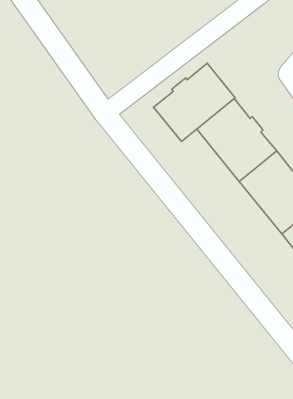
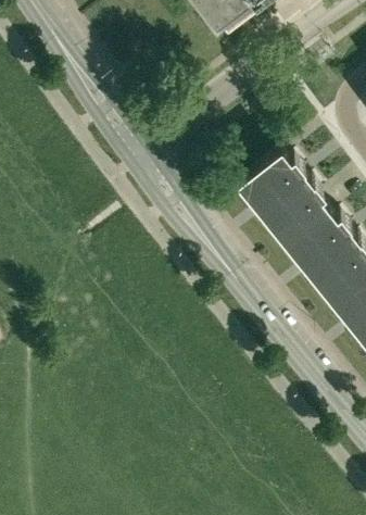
building: [154,63,235,142] -> none

